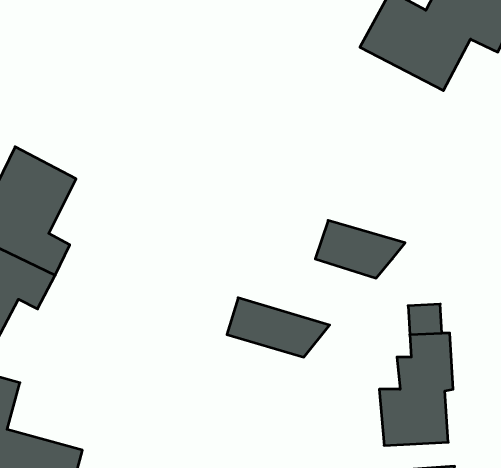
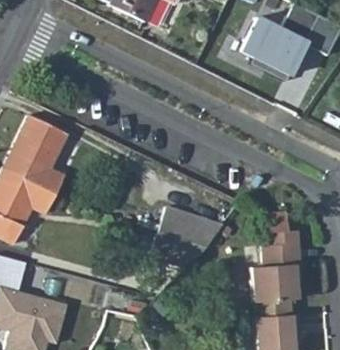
building: [315,220,405,278] -> [152,233,208,269]

